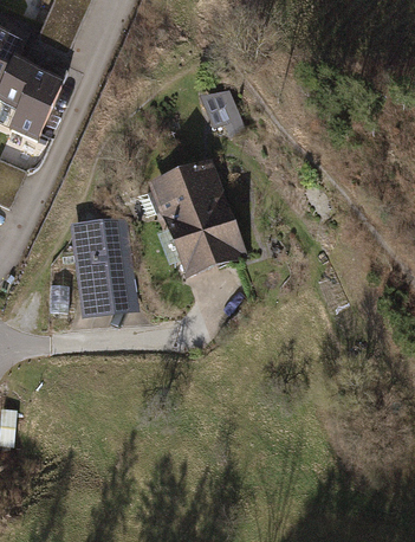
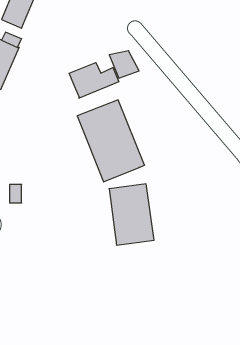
building: none -> [69,63,119,98]
building: [70,217,136,307] -> [109,184,154,245]

